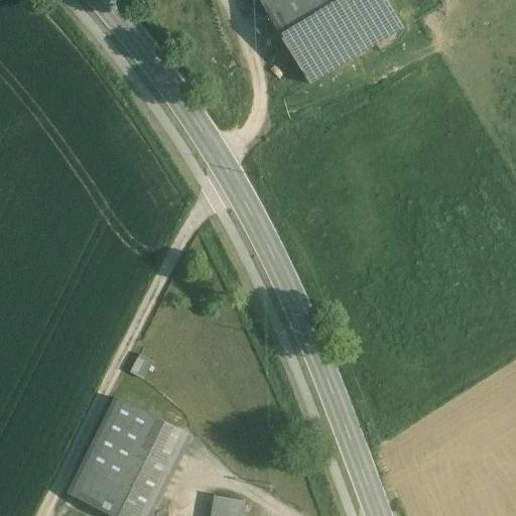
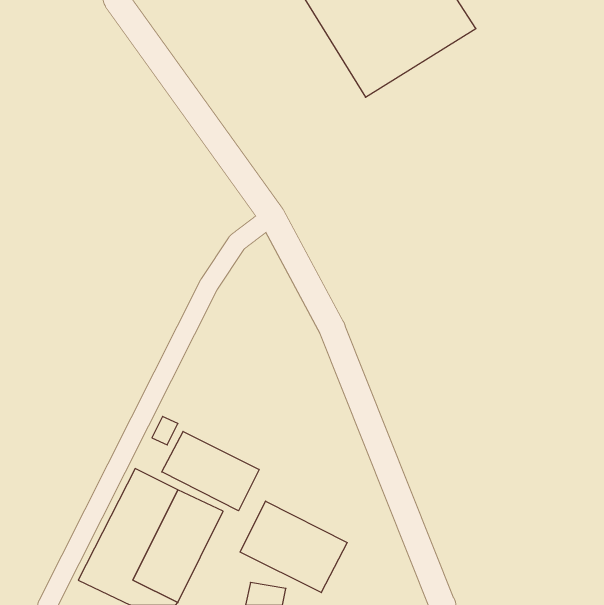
building: none -> [162,431,259,511]
building: none -> [240,501,347,593]

